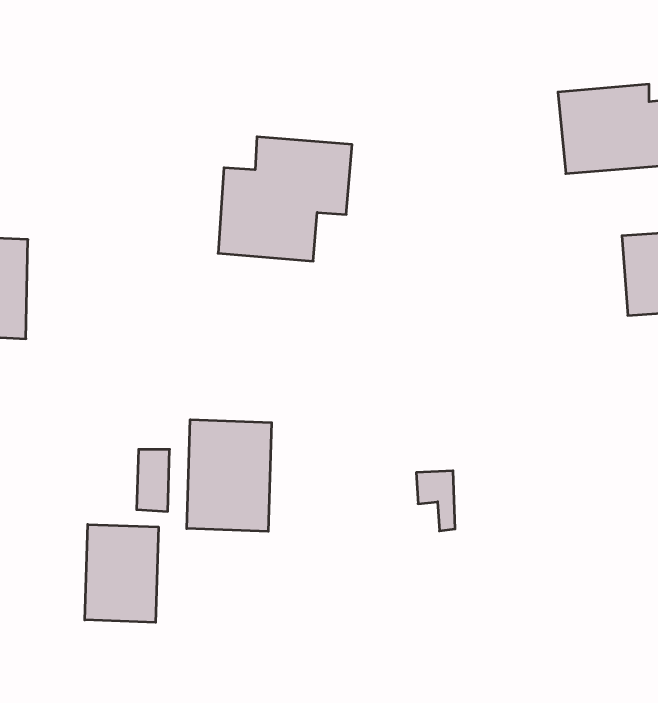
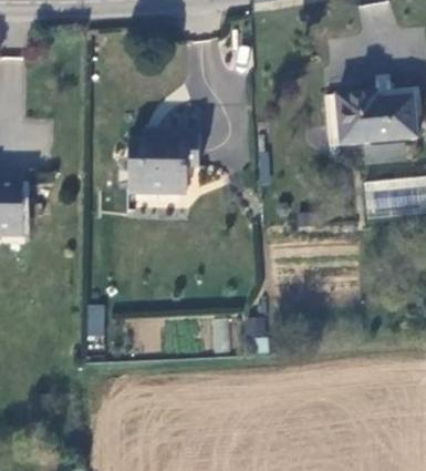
building: [187,420,272,531] -> none
building: [85,524,158,622] -> none

